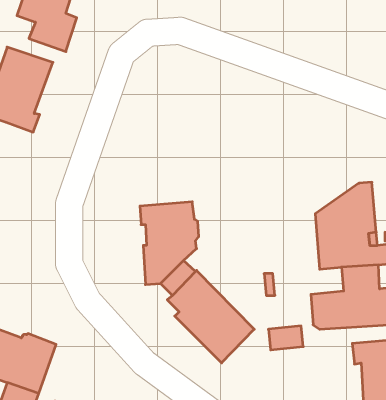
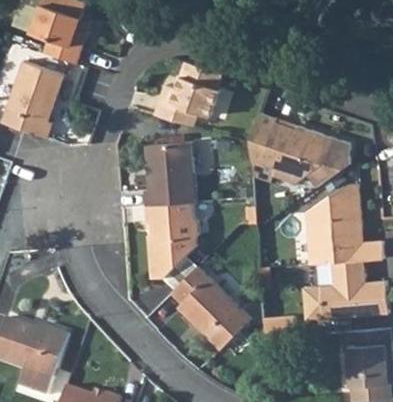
building: none -> [155,62,222,127]
building: none -> [249,113,351,188]
building: none -> [143,142,196,207]

